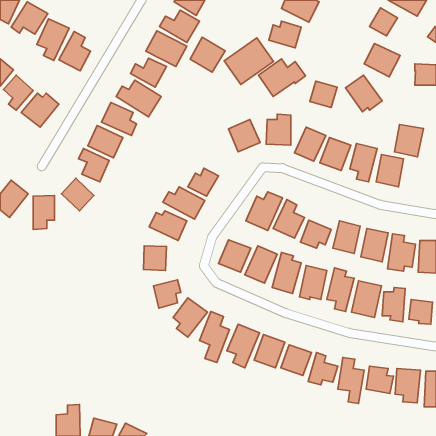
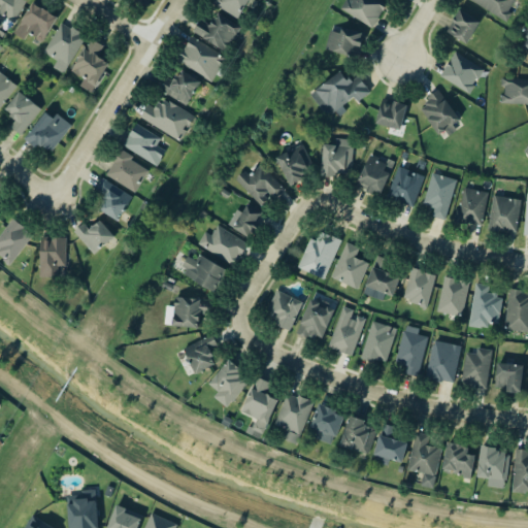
building: [190,37,225,72] -> none
building: [224,38,274,84] -> none
building: [395,124,424,157] -> [487,195,522,234]
building: none -> [238,162,285,205]

